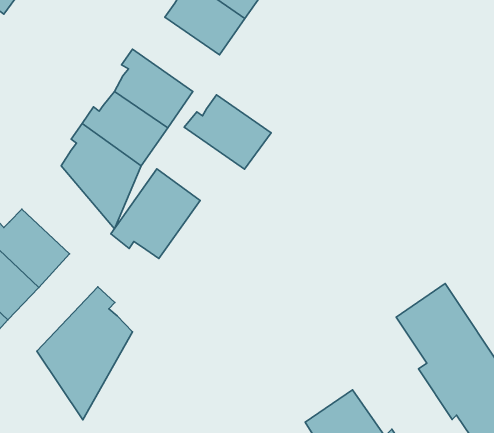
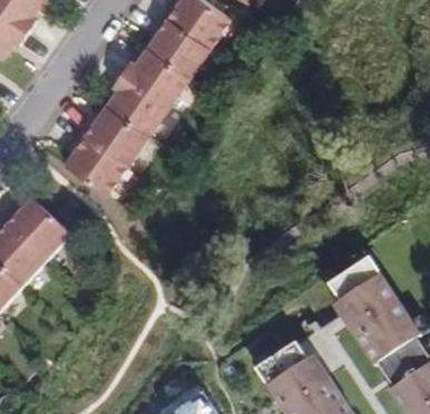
building: [184,95,271,169] -> [121,47,190,106]
building: [111,169,200,258] -> none
building: [37,287,132,420] -> none

